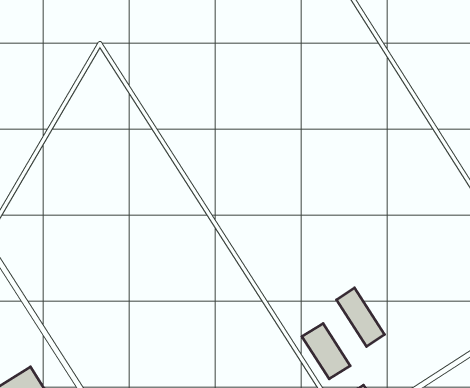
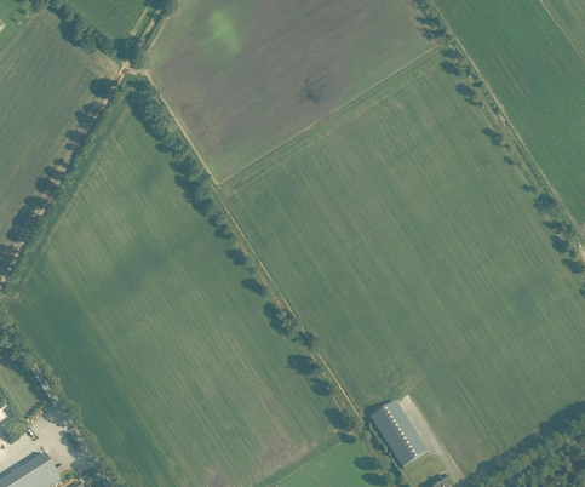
building: [337,288,384,346] -> none

